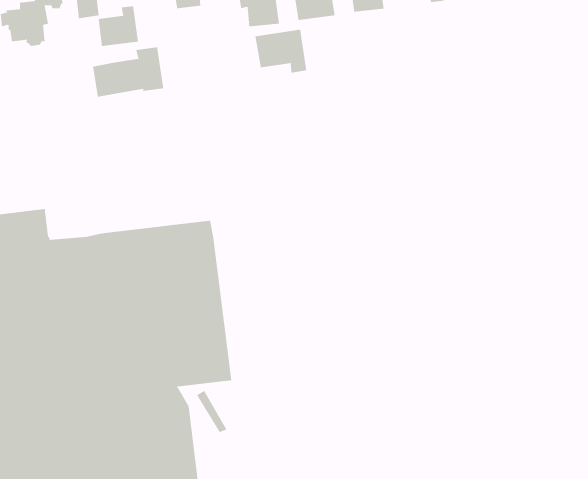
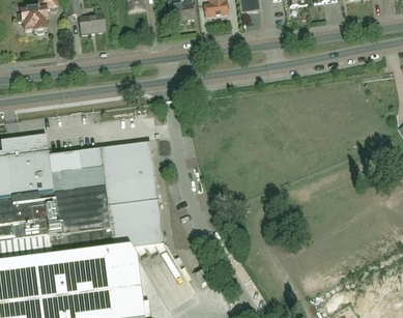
building: [255,29,307,74] -> none
building: [92,47,164,98] -> none

